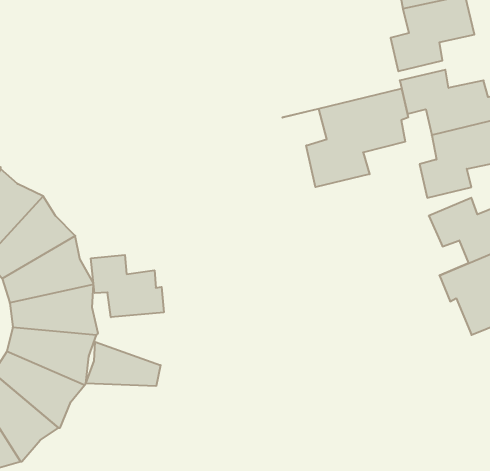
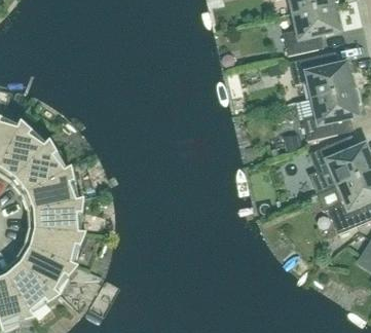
building: [282,89,408,187] -> none
building: [91,255,164,317] -> none
building: [86,342,161,386] -> none

